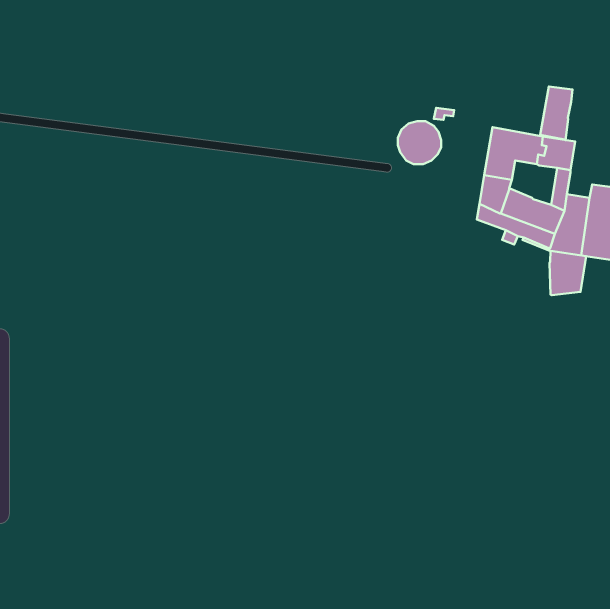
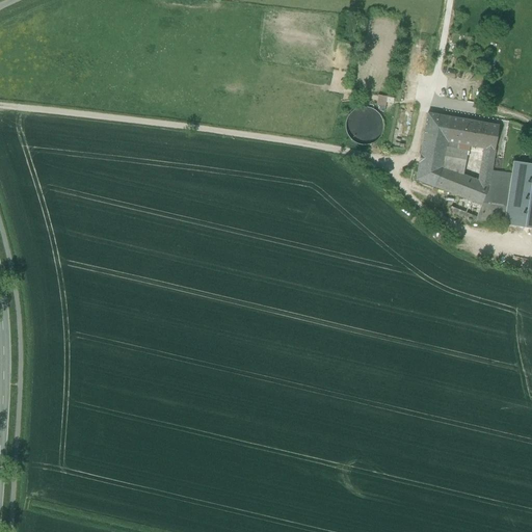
building: [540,86,572,140] -> none
building: none -> [444,139,470,172]
building: [550,251,586,295] -> none

